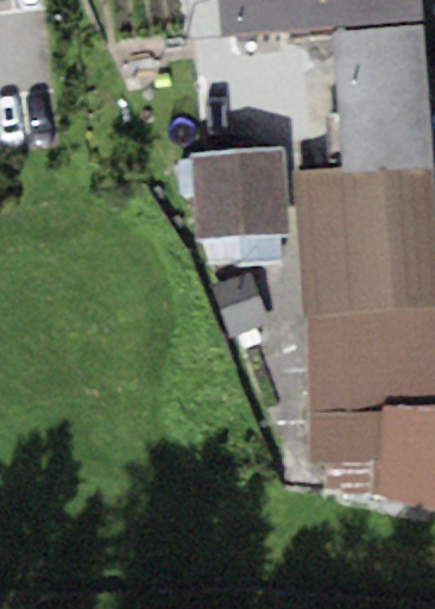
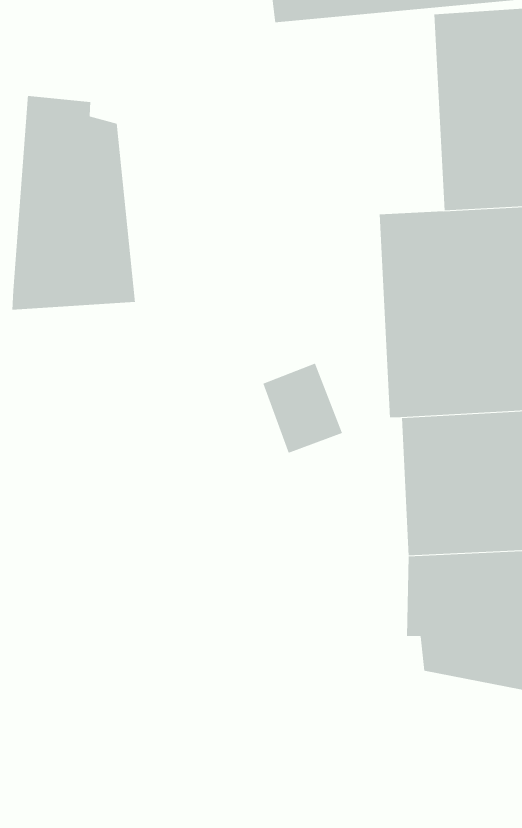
building: none -> [12,95,135,311]
building: [190,145,289,264] -> none

